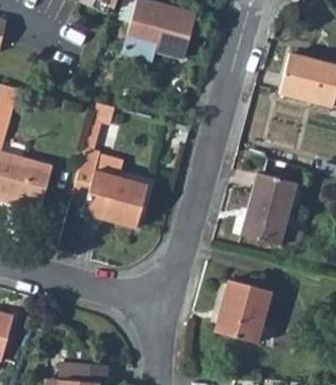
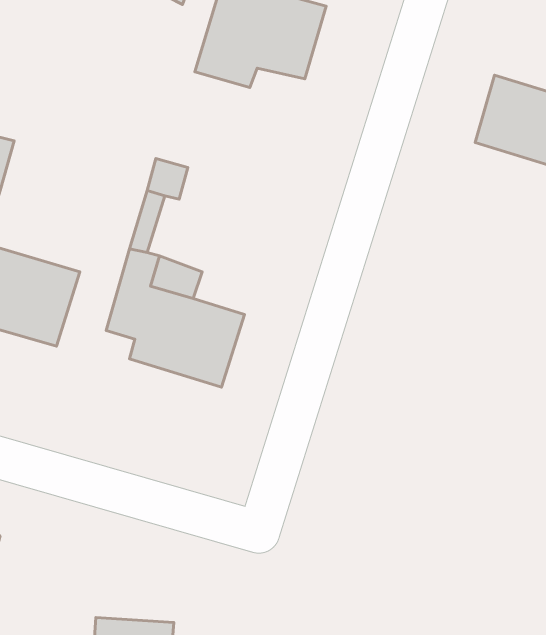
building: [240,170,297,244] -> none
building: [215,278,269,342] -> none

